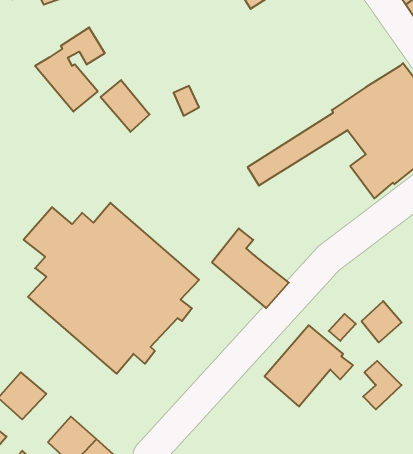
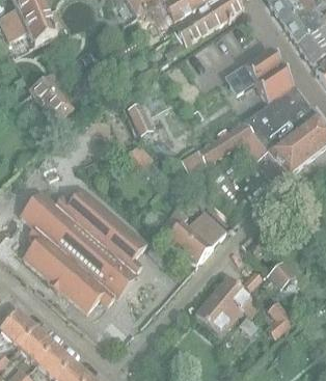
building: none -> [225,49,293,103]
building: [101,80,150,132] -> none
building: none -> [187,209,225,245]
building: none -> [18,326,53,361]

